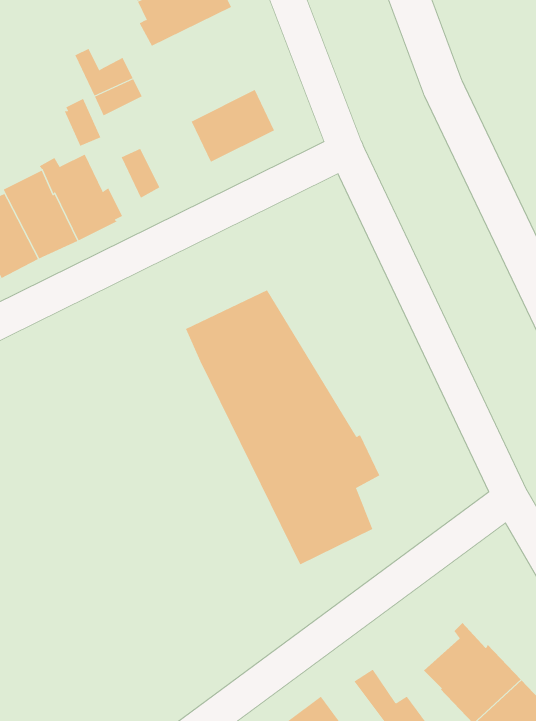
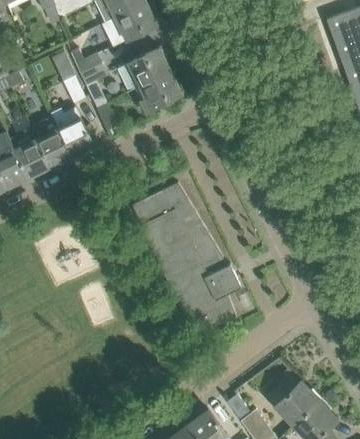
building: none -> [118,47,171,91]

